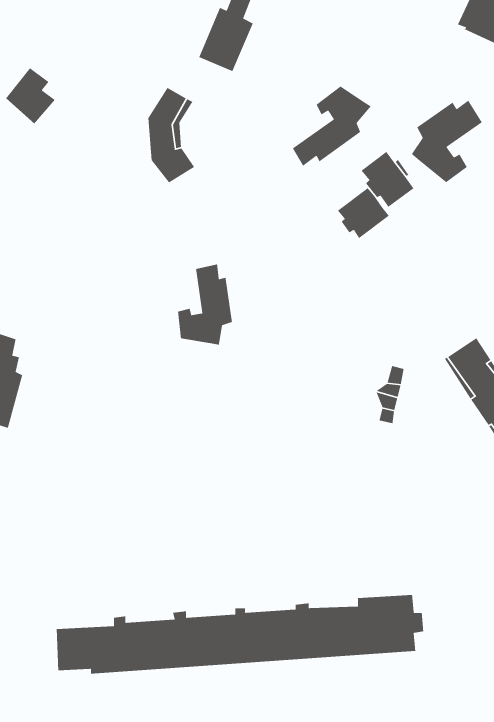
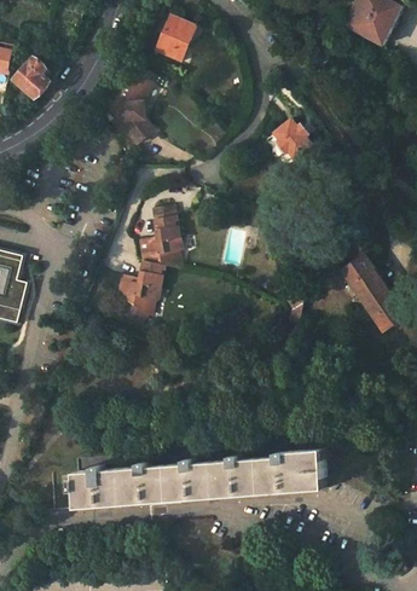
building: [292,86,372,167] -> none
building: [411,99,483,183] -> none
building: [337,187,390,239] -> none
building: none -> [117,261,164,312]

